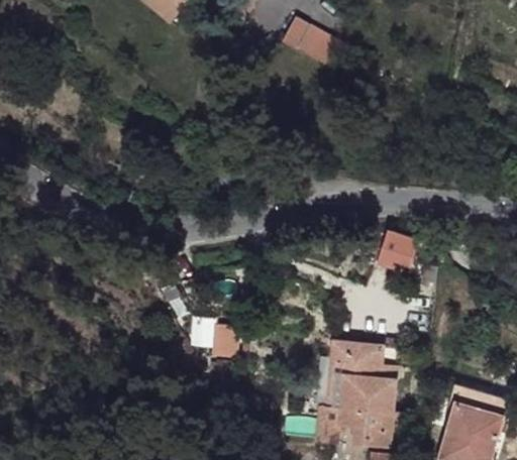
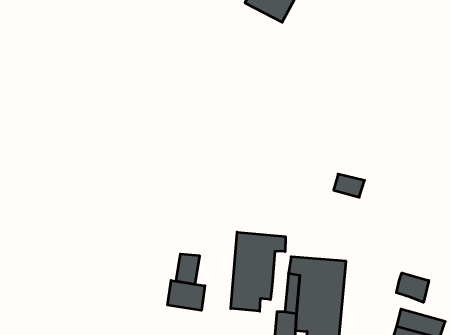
building: none -> [231,232,285,311]
building: none -> [396,273,429,302]
building: none -> [168,280,205,310]

